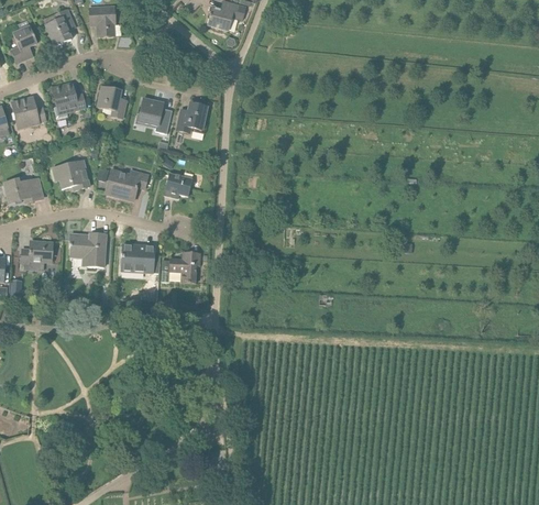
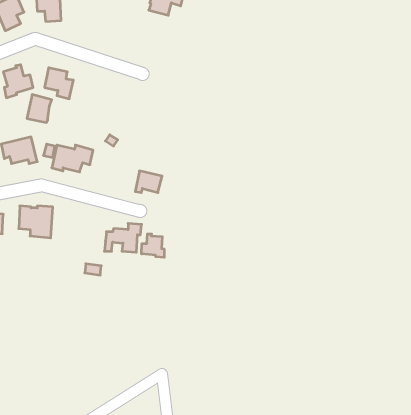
building: [138,97,164,127] -> [27,95,52,122]
building: [176,102,207,133] -> none
building: [164,173,193,196] -> [135,171,162,193]
building: [121,244,154,274] -> none
building: none -> [142,234,164,257]

